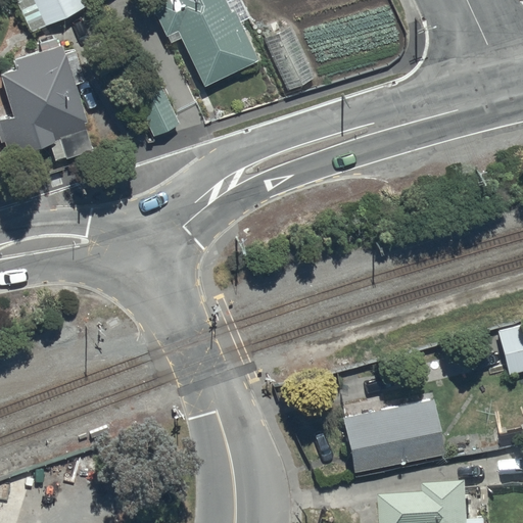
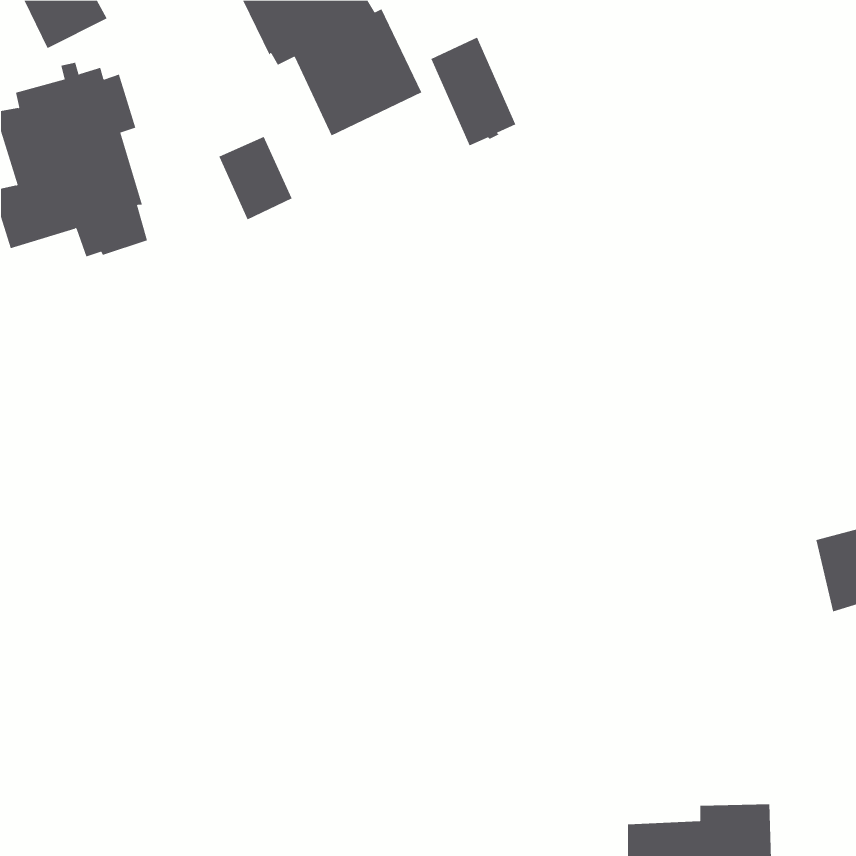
building: [342,396,444,472] -> none

